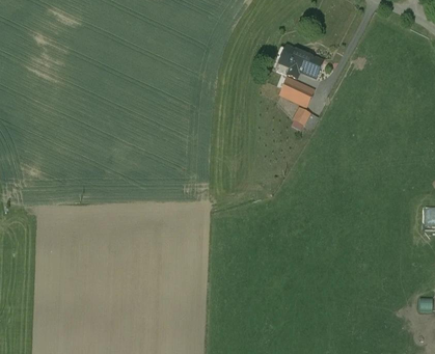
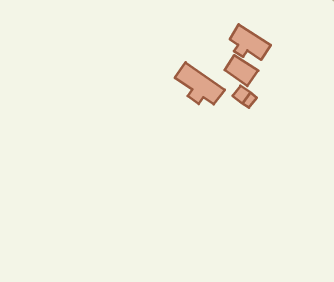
building: none -> [175,62,225,104]

